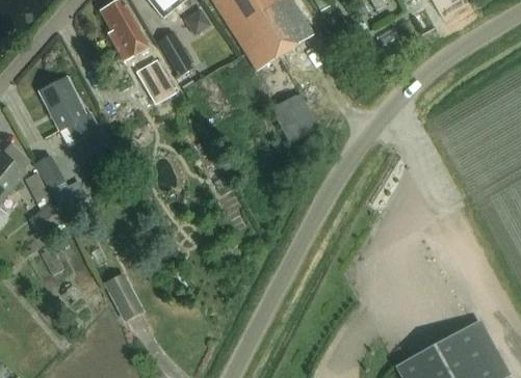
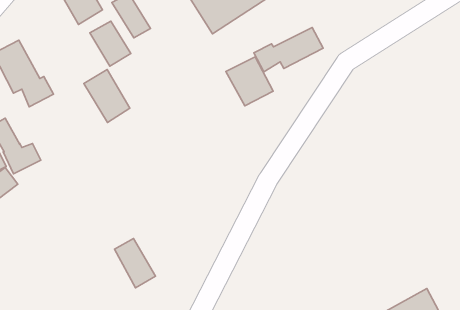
building: none -> [254,27,323,72]
building: none -> [84,70,130,123]
building: [104,272,145,321] -> [115,239,155,288]

